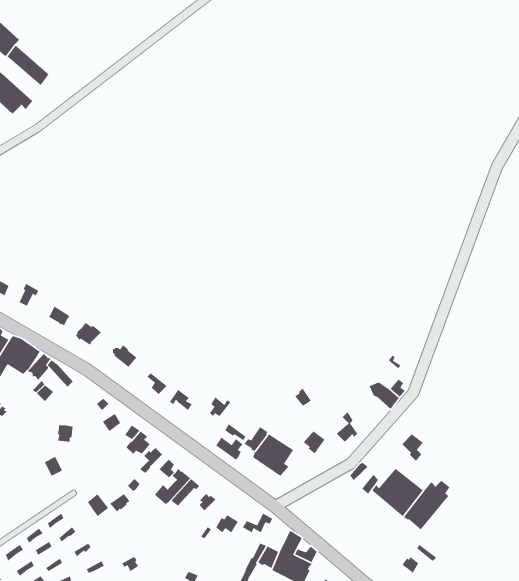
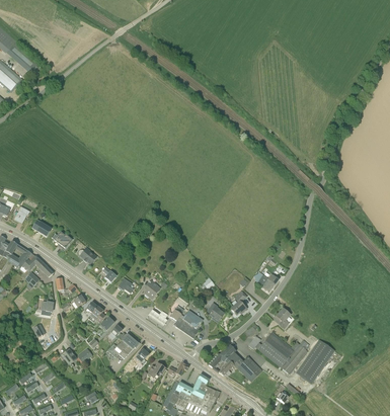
building: none -> [296,339,335,385]
building: none -> [209,343,263,382]

